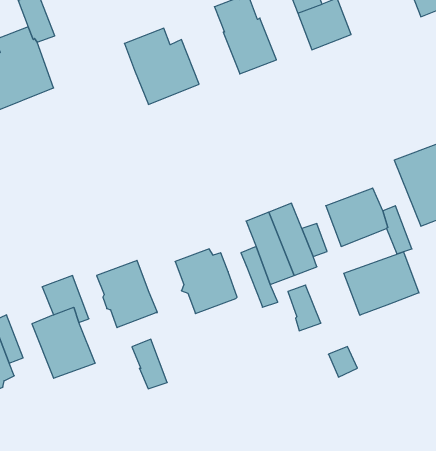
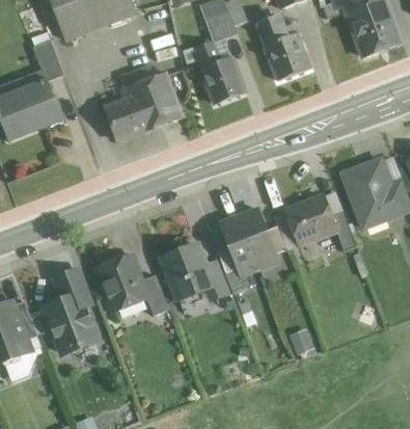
building: none -> [107,100,140,136]
building: [344,252,419,315] -> none
building: [288,285,321,331] -> [206,260,233,297]
building: [132,339,167,389] -> [140,274,169,315]

